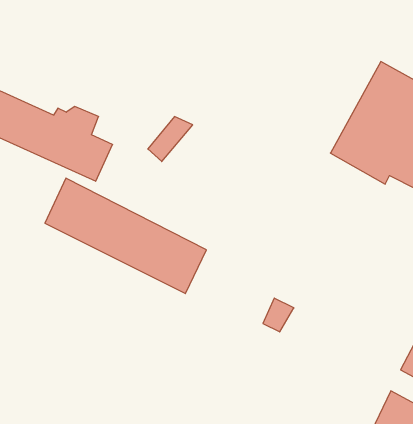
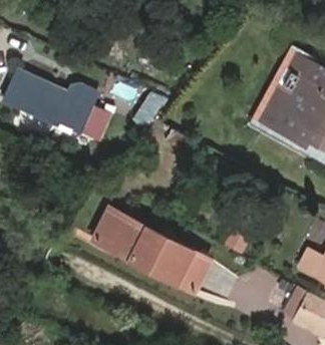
building: [45,178,206,294] -> [88,209,204,291]

